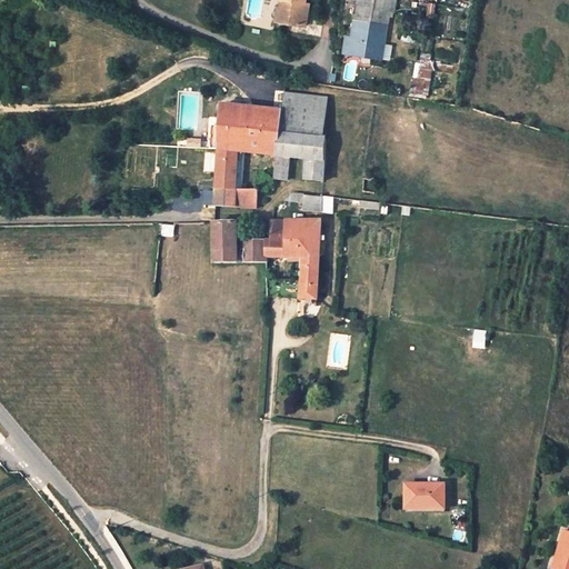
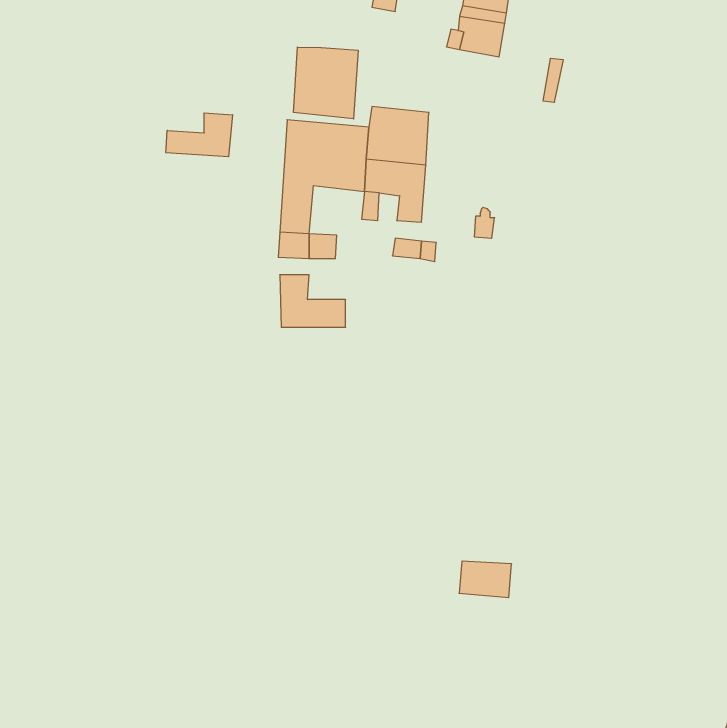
building: none -> [294,47,358,119]
building: none -> [166,113,233,157]
building: [263,218,319,297] -> none
building: [408,482,448,510] -> [459,561,512,598]

